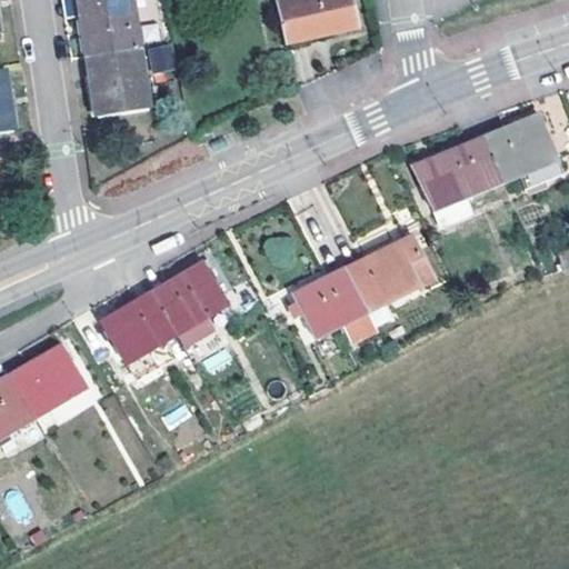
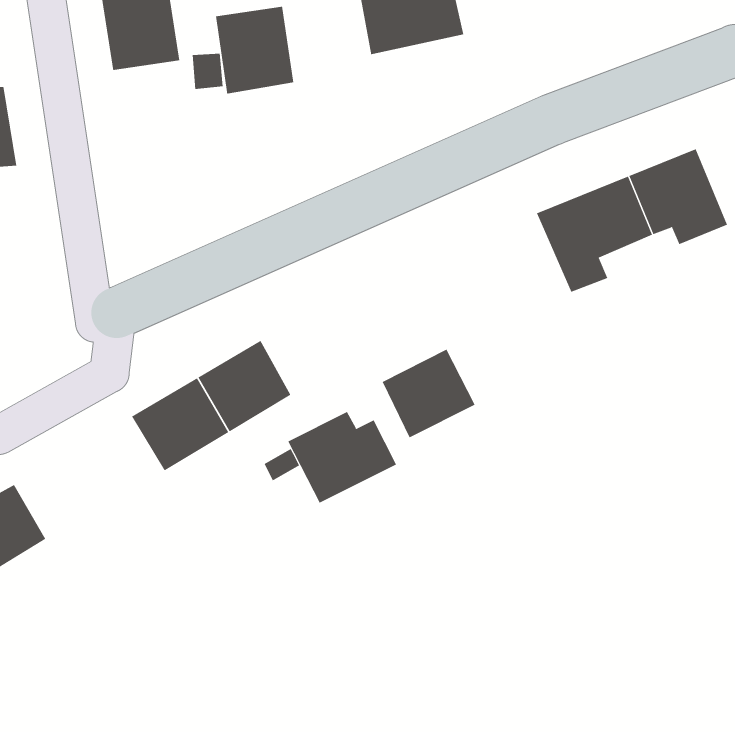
building: [87,47,148,114] -> [215,6,294,94]
building: [345,238,429,312] -> none
building: none -> [288,411,397,503]
building: [11,345,84,416] -> none

